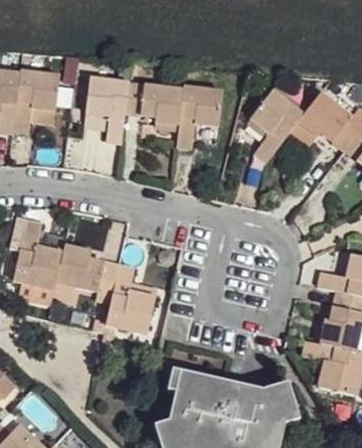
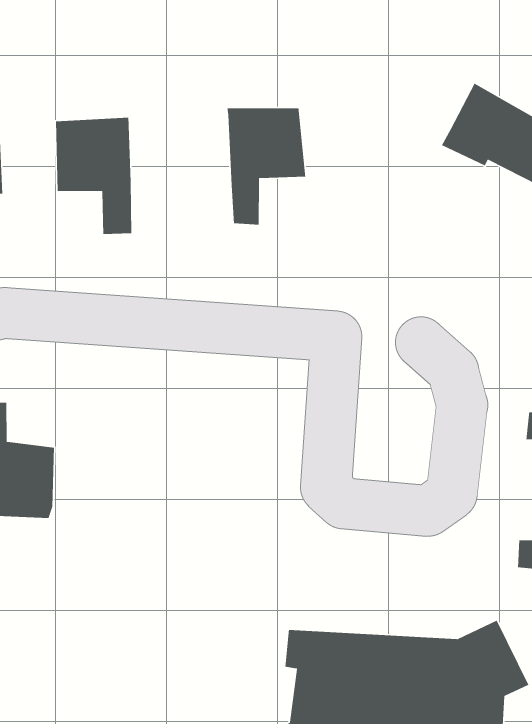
building: [127,80,184,125] -> none
building: [250,90,303,162] -> none
building: [57,243,155,335] -> none

